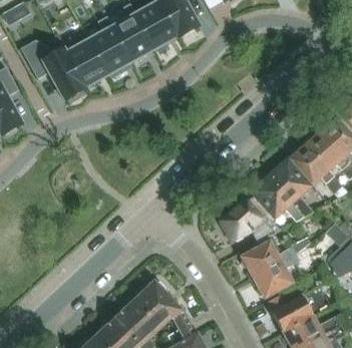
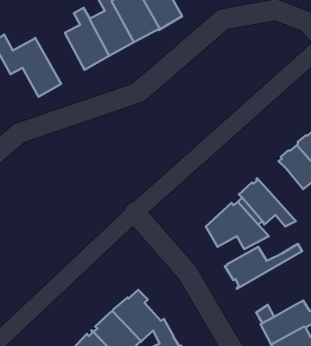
building: [62,31,108,87] -> none
building: [270,160,314,216] -> none
building: [251,244,316,299] -> none

